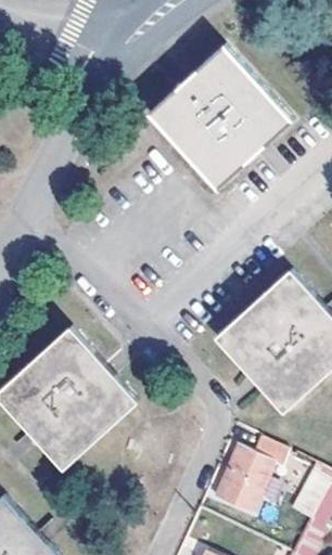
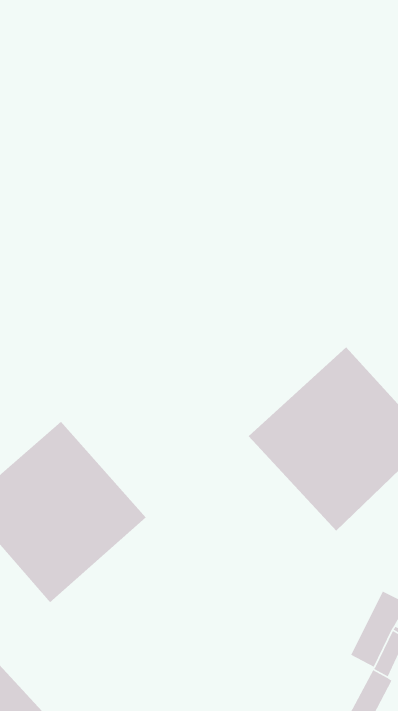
building: [150,48,292,190] -> none
building: [215,437,286,509] -> none

